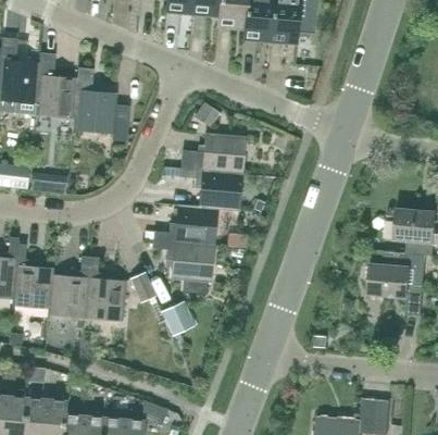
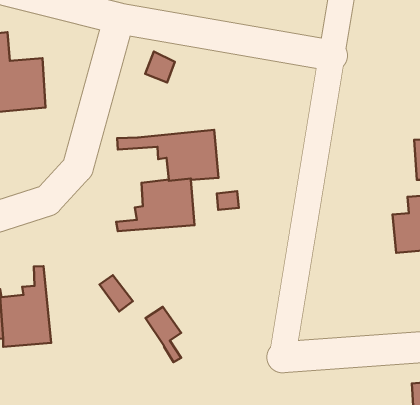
building: [182,133,245,173] -> none
building: [152,239,214,282] -> none
building: [86,257,126,321] -> none

